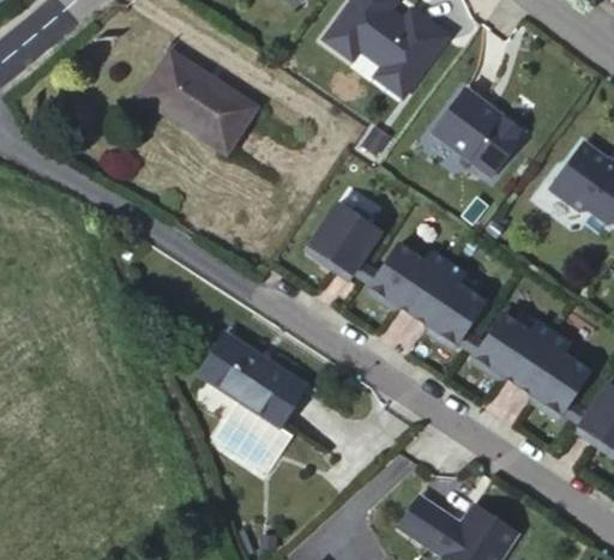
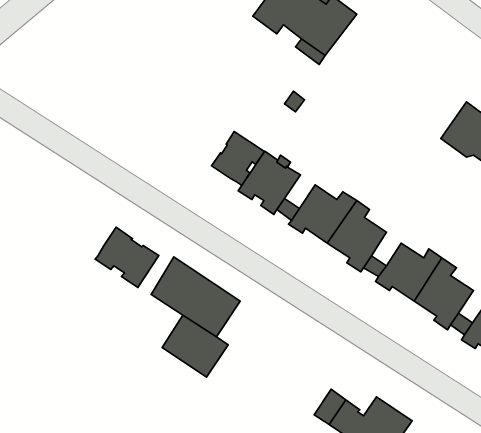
building: [142,50,255,152] -> none
building: [432,90,523,176] -> none
building: none -> [211,132,264,186]
building: none -> [95,227,159,288]

